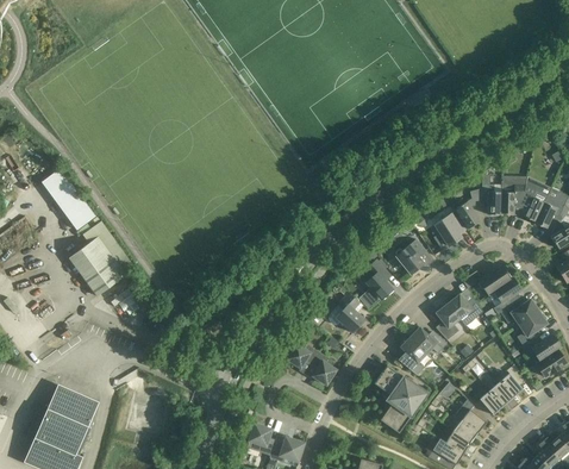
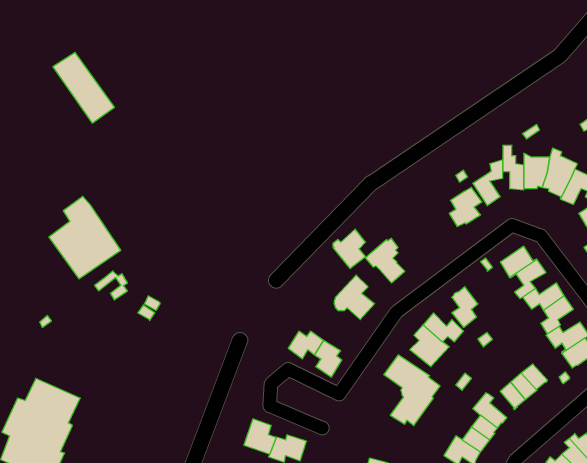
building: [38,167,94,231] -> [53,52,114,123]
building: [395,239,425,275] -> [333,229,366,268]
building: [448,294,483,326] -> none

